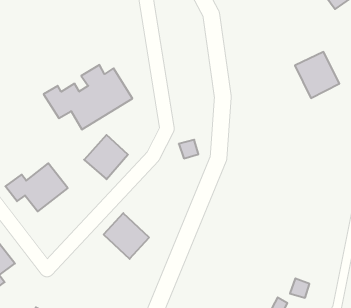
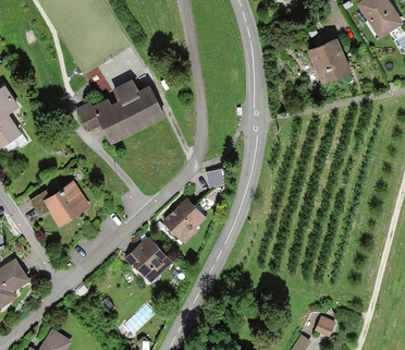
building: [295,52,339,98] -> [308,39,353,86]
building: [84,135,128,179] -> [160,196,206,242]

